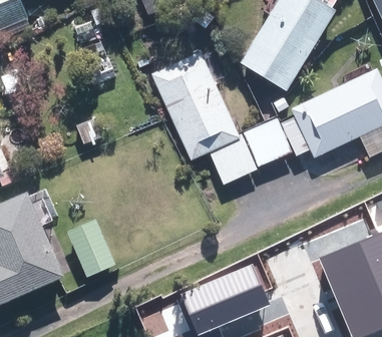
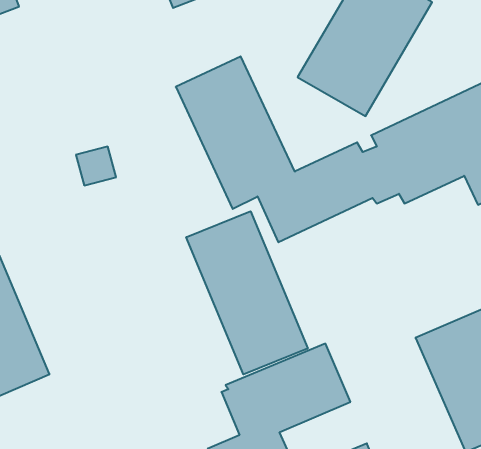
building: none -> [186,211,308,374]
building: [65,219,115,278] -> none

